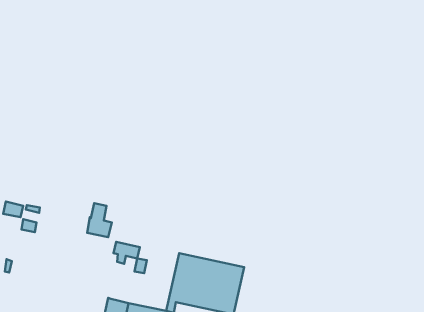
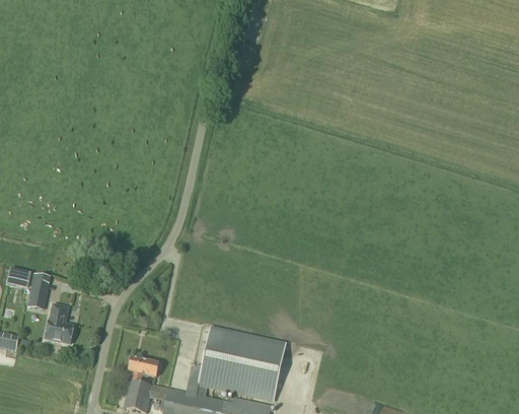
building: [87,203,112,237] -> [46,303,74,343]
building: [114,242,140,264] -> [129,357,159,383]

